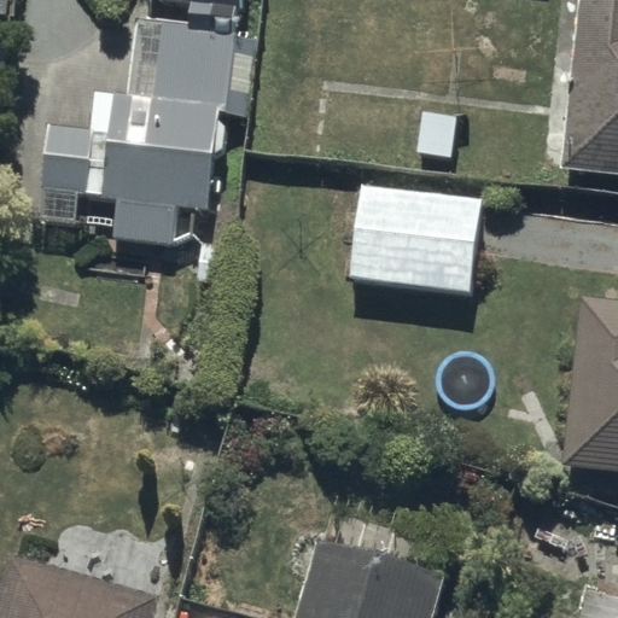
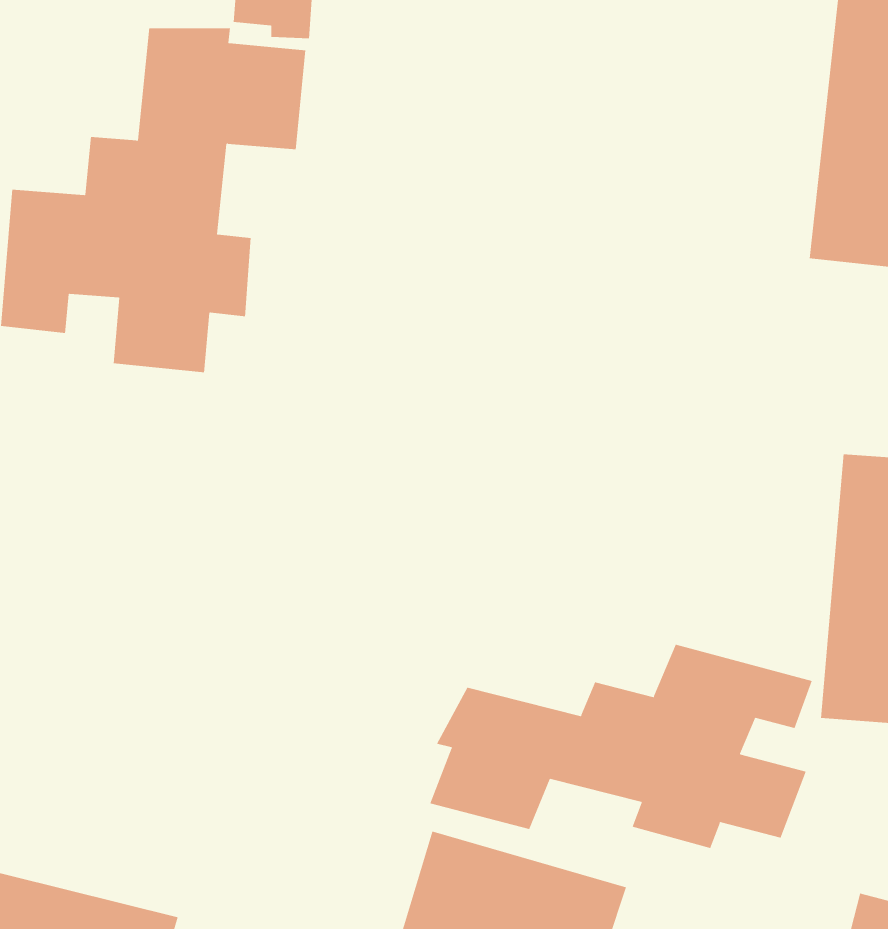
building: [340,183,480,319] -> none
building: none -> [429,644,813,849]

